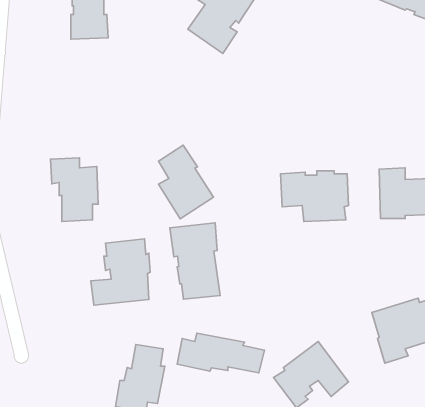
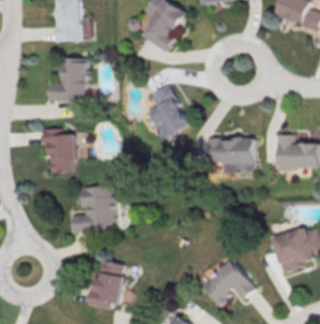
building: none -> [48,57,86,102]
building: [159,145,214,219] -> [150,84,190,137]
building: [170,223,220,299] -> none
building: [177,333,264,373] -> none

